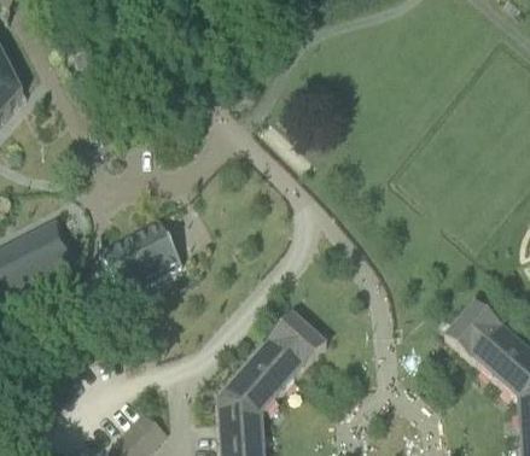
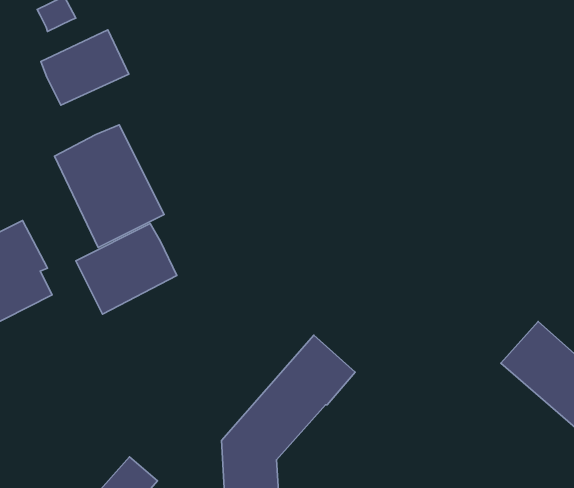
building: none -> [41,30,129,105]
building: none -> [54,125,164,248]

